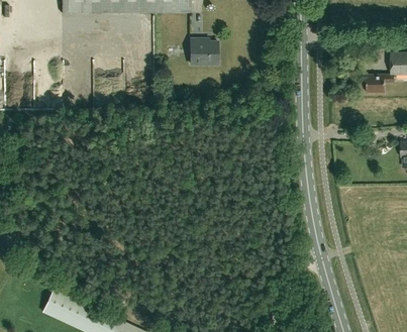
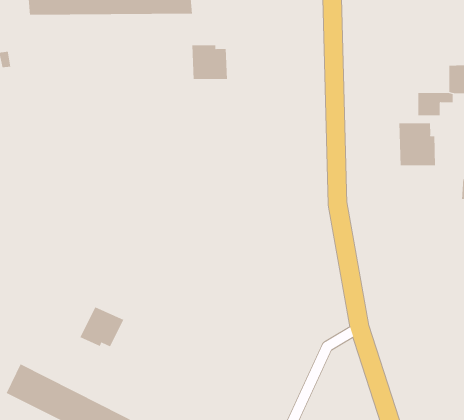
building: none -> [399,123,436,166]
building: none -> [80,306,124,347]

